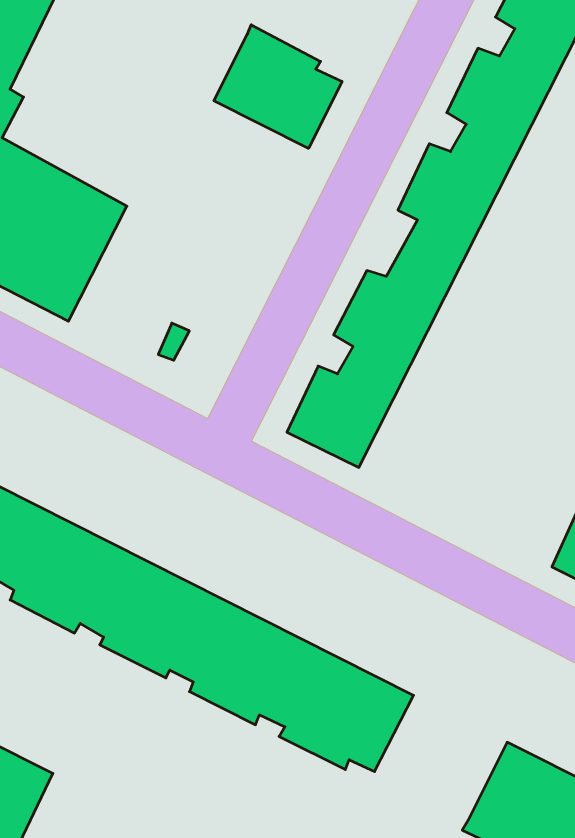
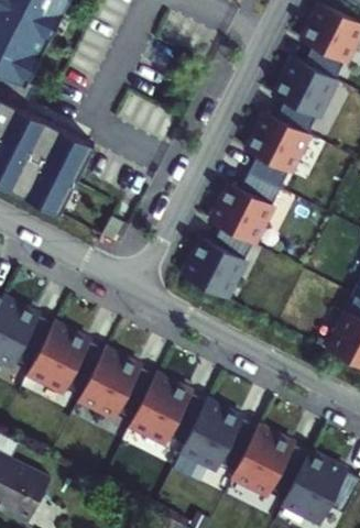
building: [214,25,342,148] -> none
building: none -> [230,427,308,497]

